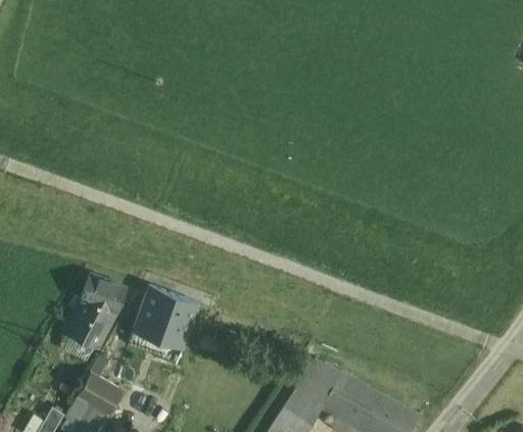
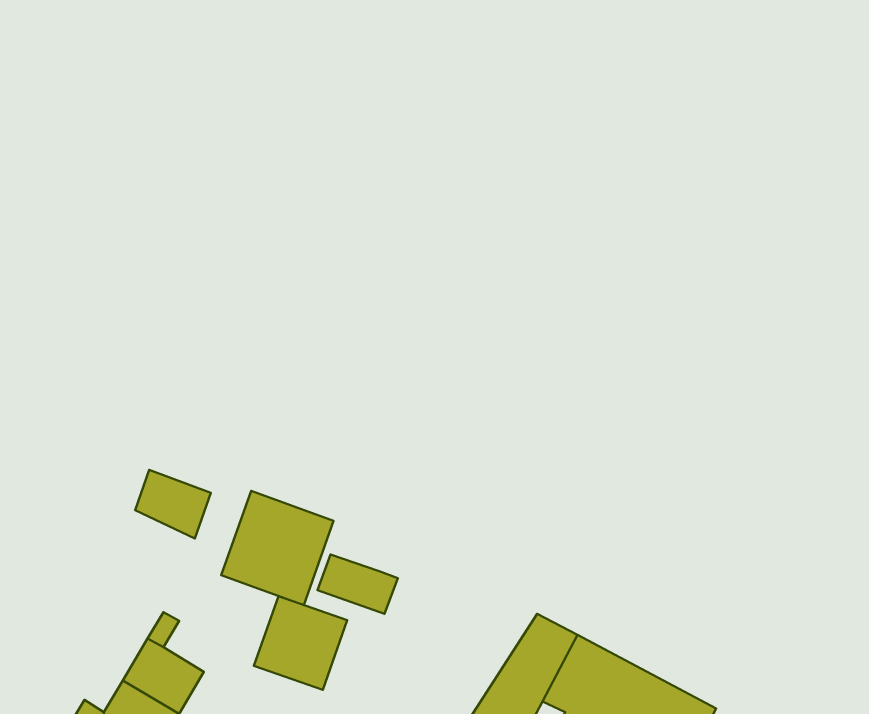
building: [63,298,116,350] -> none
building: none -> [317,554,398,614]
building: none -> [254,596,347,690]

